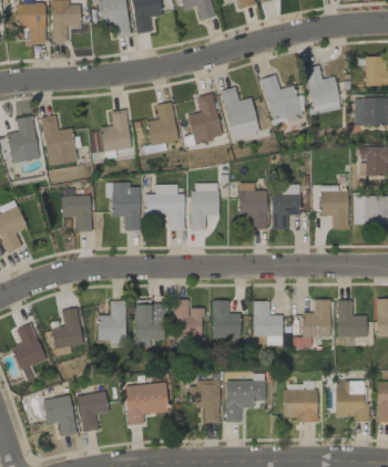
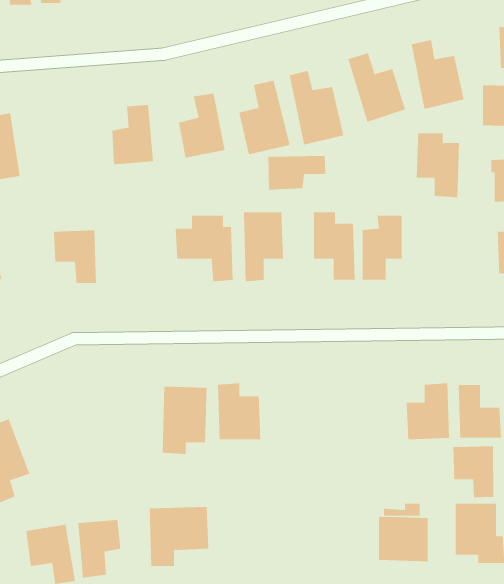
building: [42,115,76,165] -> none
building: none -> [268,155,326,191]
building: [105,181,140,230] -> none
building: [319,185,349,229] -> [416,133,460,198]
building: [98,300,126,341] -> none
building: [212,300,241,339] -> none
building: [253,300,283,335] -> none
building: [51,308,84,355] -> none
building: none -> [453,445,494,498]
building: [225,374,265,422] -> none
building: [190,381,219,423] -> none

